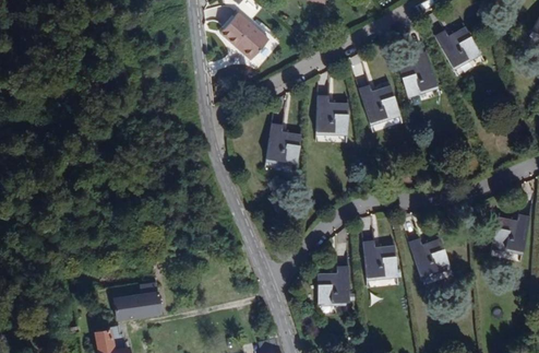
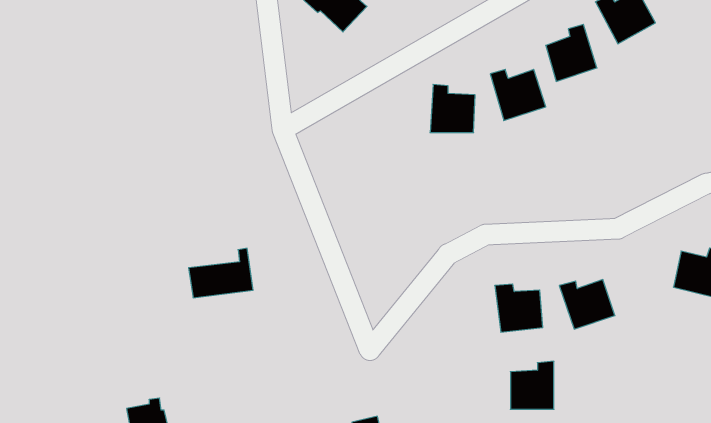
building: [266,123,301,162] -> none
building: [318,267,349,302] -> [510,361,554,409]
building: [113,283,160,319] -> [189,248,253,298]

